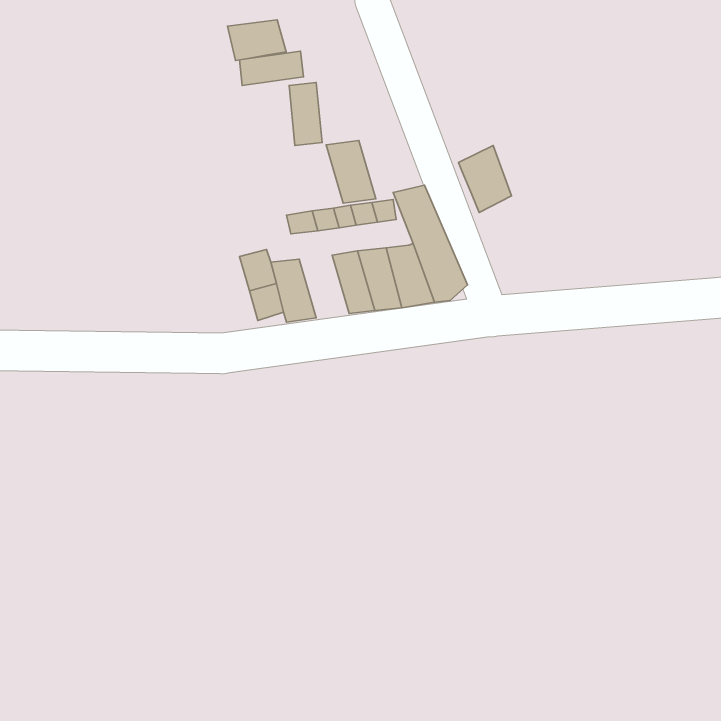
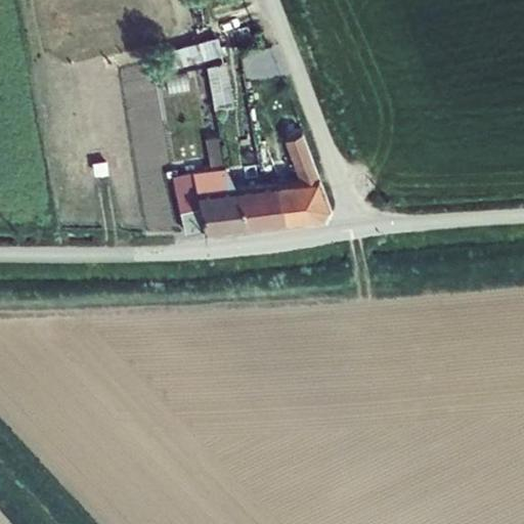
building: [227,20,286,60] -> none
building: [326,140,376,203] -> [215,188,251,233]
building: [459,146,511,213] -> none

